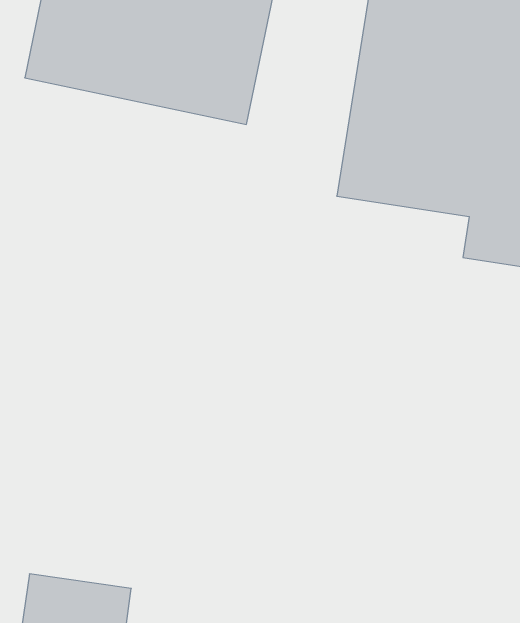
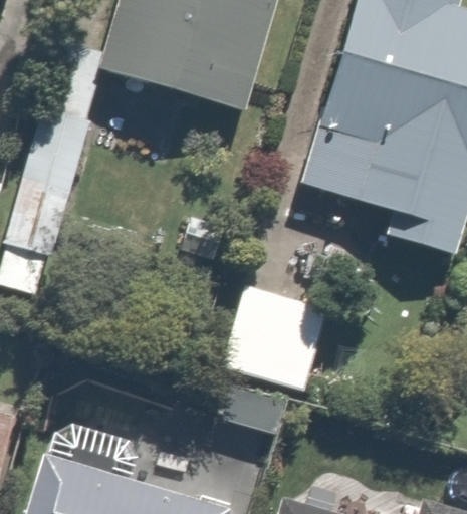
building: none -> [219,273,337,394]

